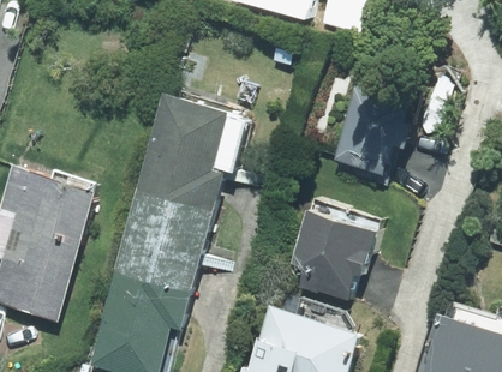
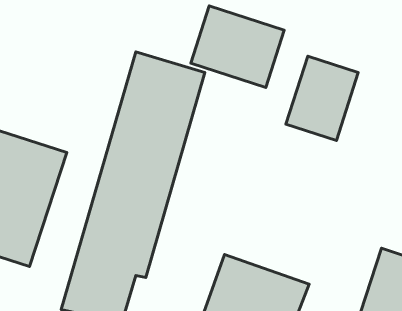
building: none -> [191,6,284,88]
building: [282,199,383,311] -> none

